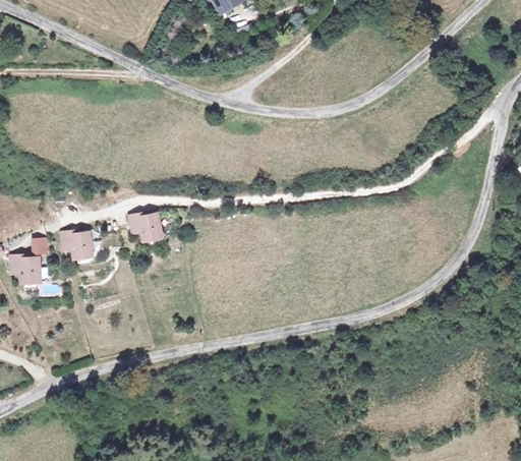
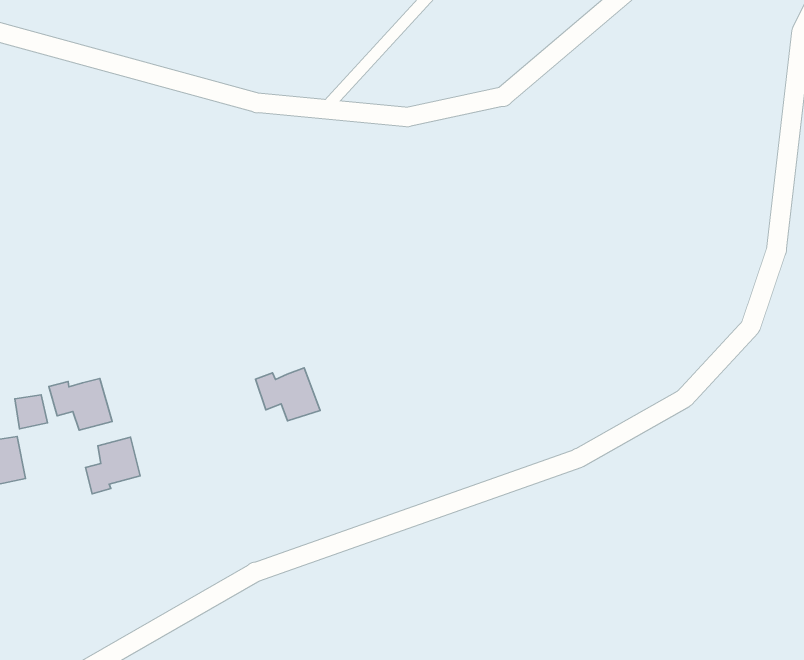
building: [130,214,164,242] -> [256,368,320,421]
building: none -> [85,437,140,494]

